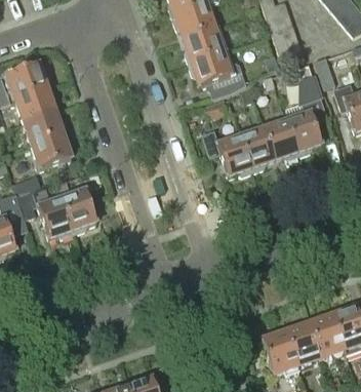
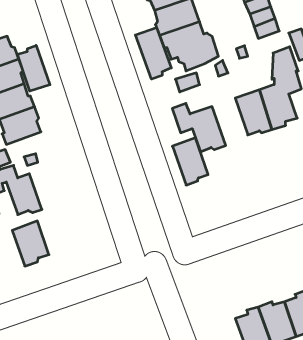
building: none -> [135,28,171,79]
building: none -> [18,45,50,91]
building: [239,125,274,171] -> [172,138,208,185]
building: [61,190,96,234] -> [12,221,49,266]

